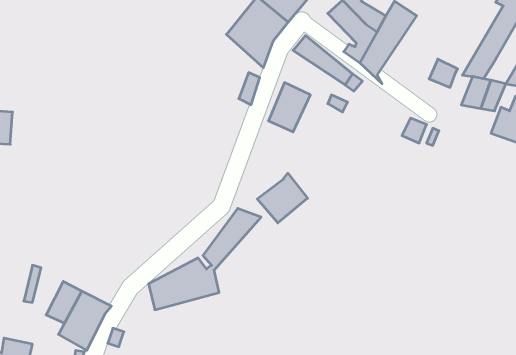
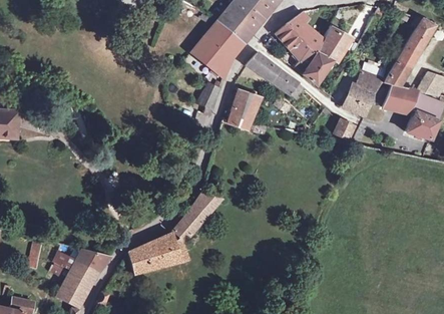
building: none -> [344,84,374,114]
building: [257,173,308,223] -> none
building: none -> [75,249,110,271]

